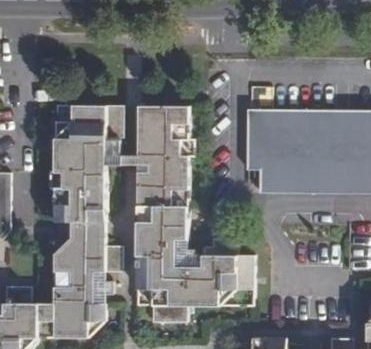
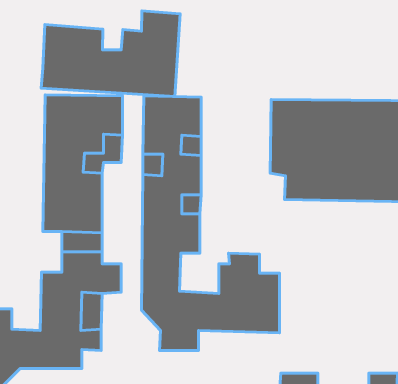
building: none -> [41,11,180,97]

